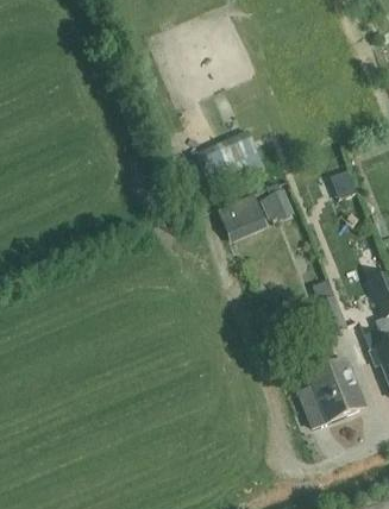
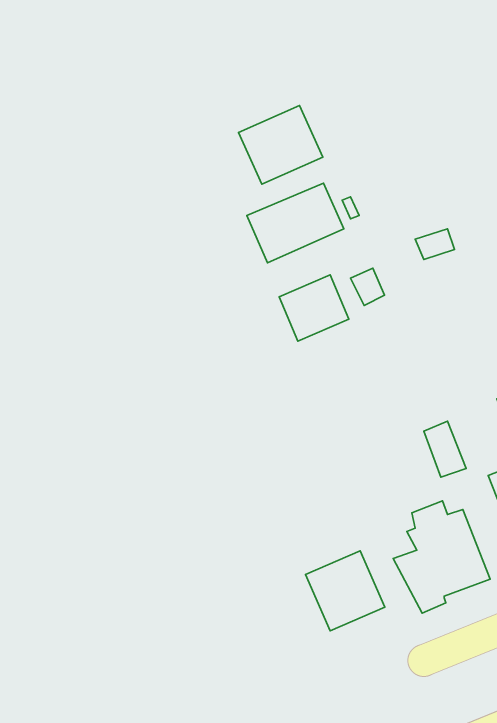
building: none -> [238,106,323,184]
building: none -> [305,551,385,631]

